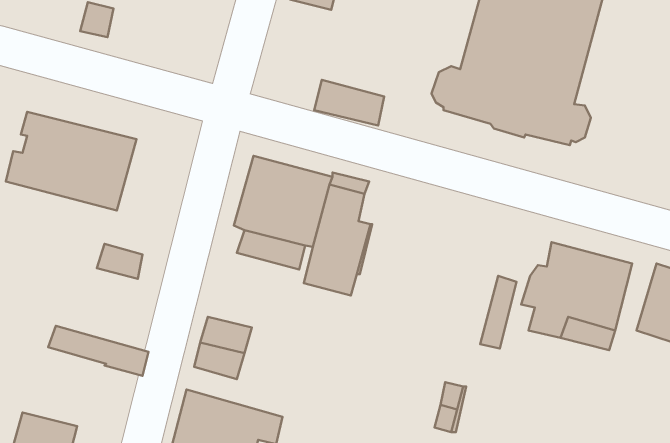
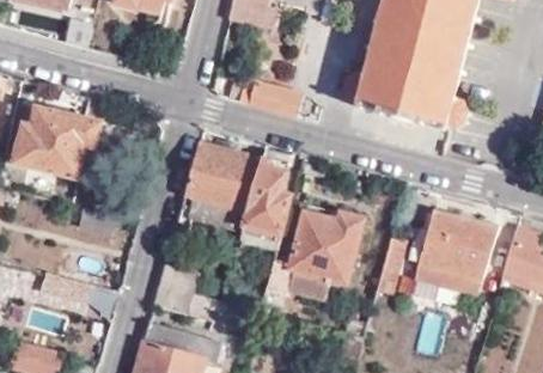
building: none -> [267,210,366,298]

